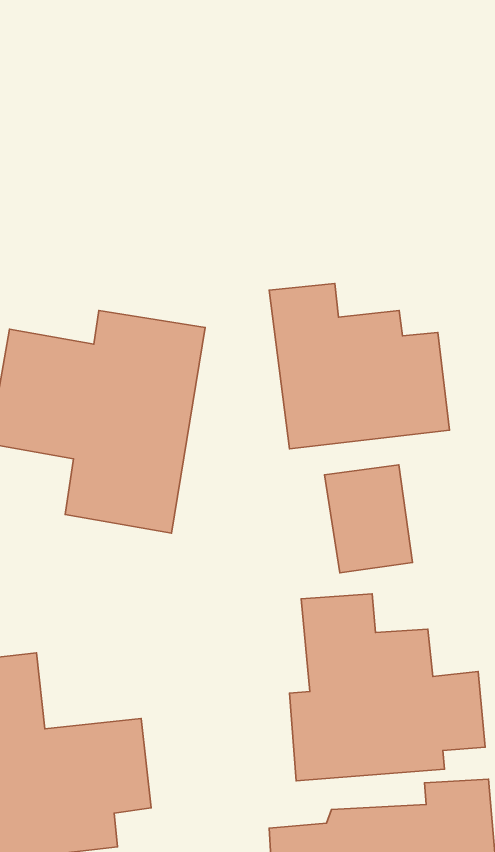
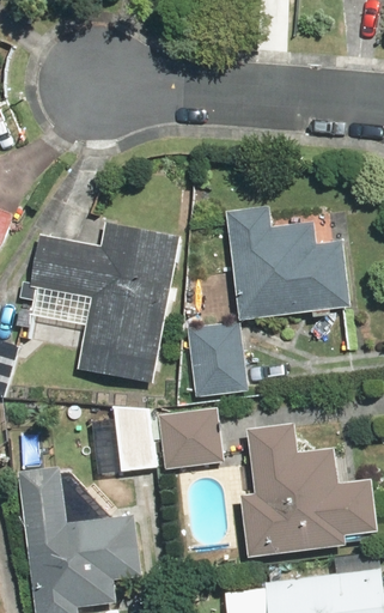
building: [325,465,412,573] -> [184,321,246,397]
building: none -> [111,405,156,471]
building: none -> [158,409,223,469]

